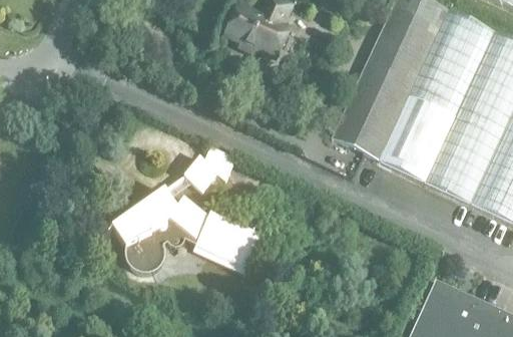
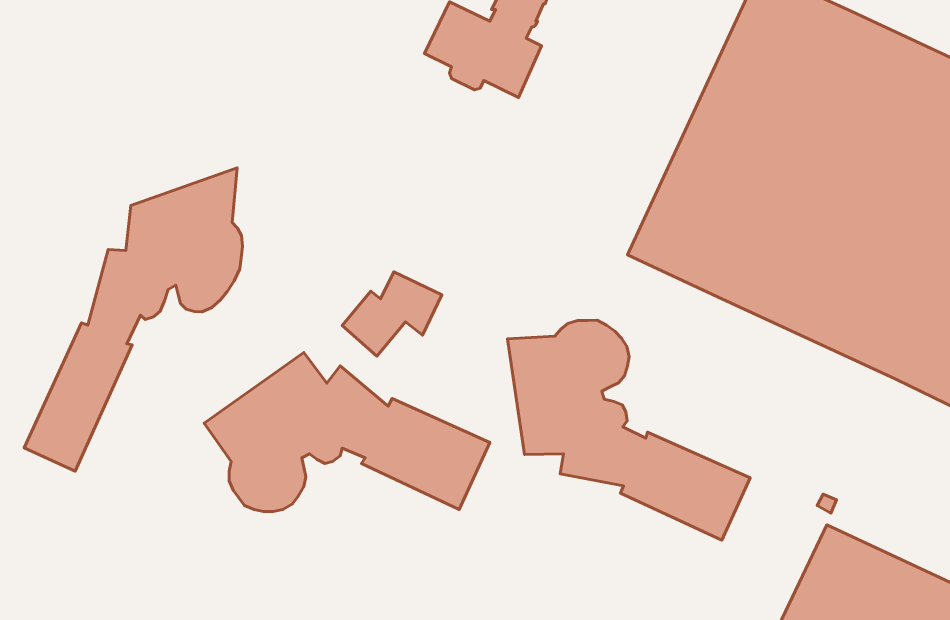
building: none -> [24,168,243,471]
building: none -> [508,320,750,540]

